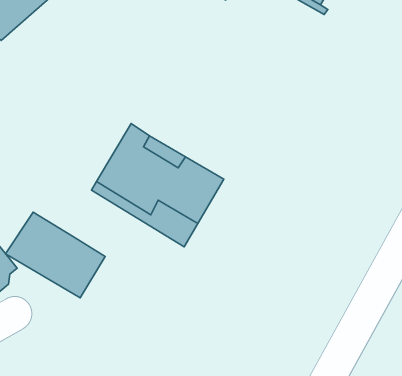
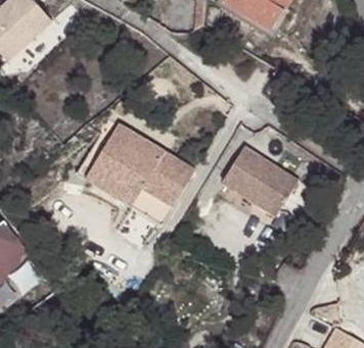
building: none -> [224,150,301,221]
building: [5,212,105,298] -> none

